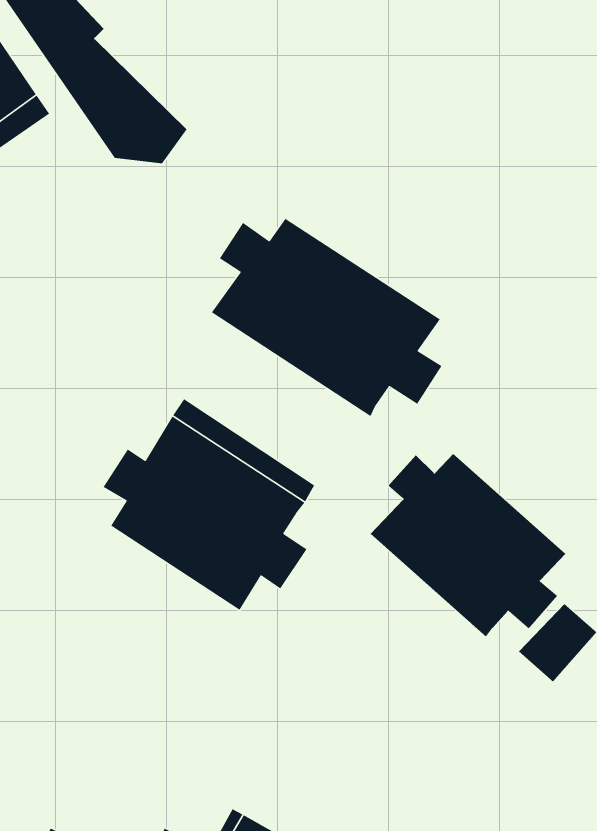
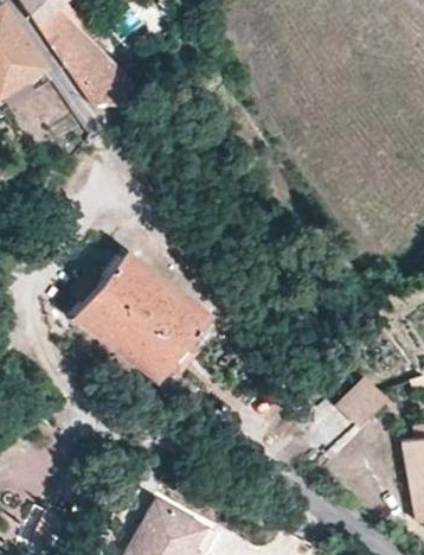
building: [211,218,442,417] -> none
building: [370,453,566,638] -> none

